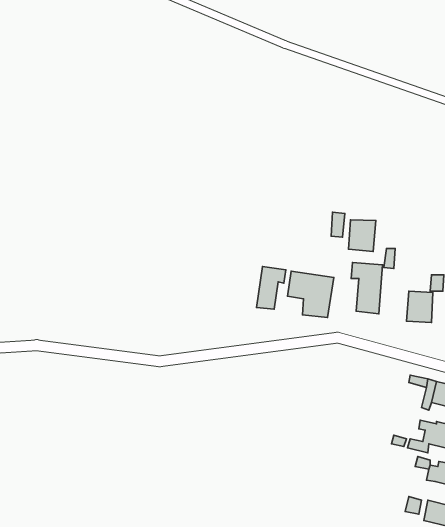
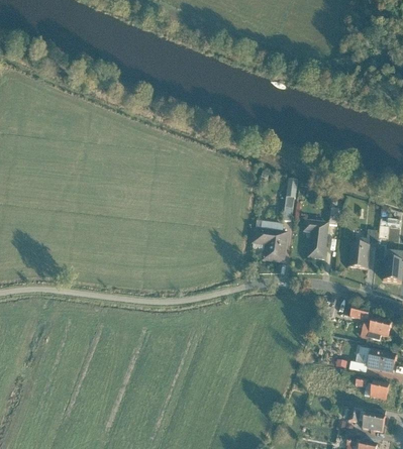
building: [348,220,376,251] -> none
building: [256,266,286,309] -> none

